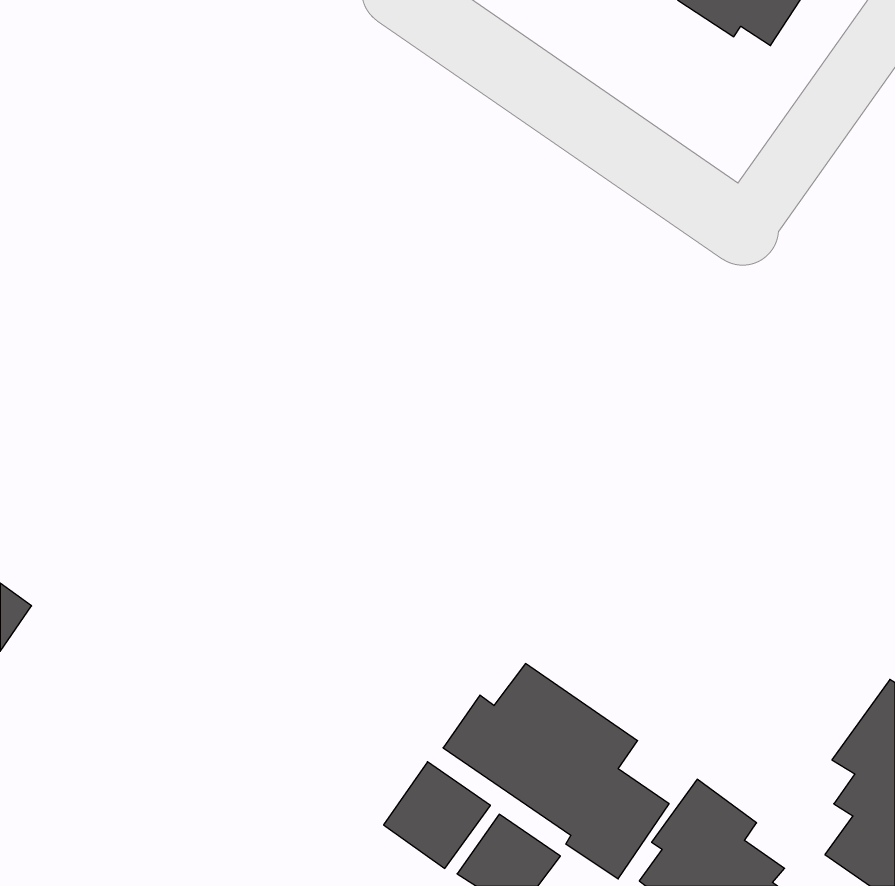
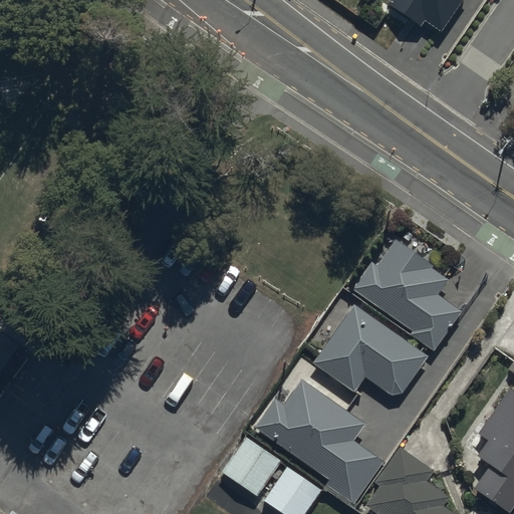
building: none -> [351,240,463,351]
building: none -> [314,307,427,395]

